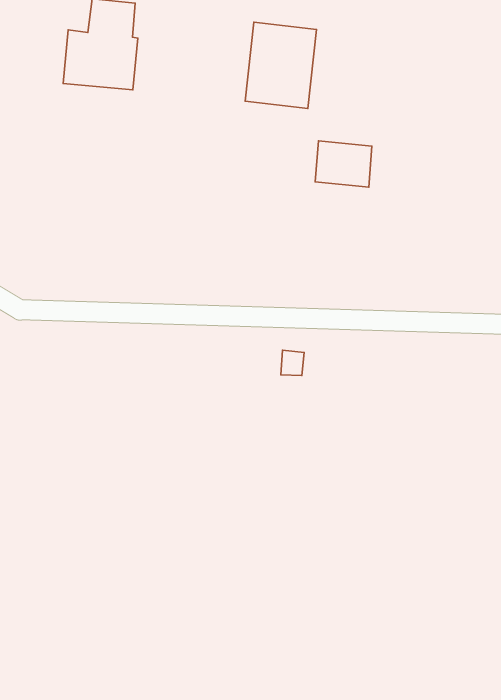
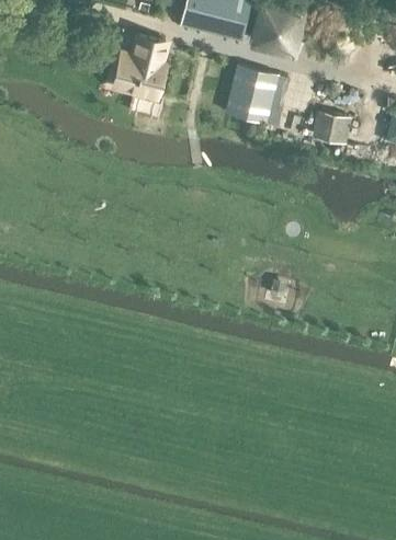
building: [315,141,372,187] -> [310,112,349,145]

